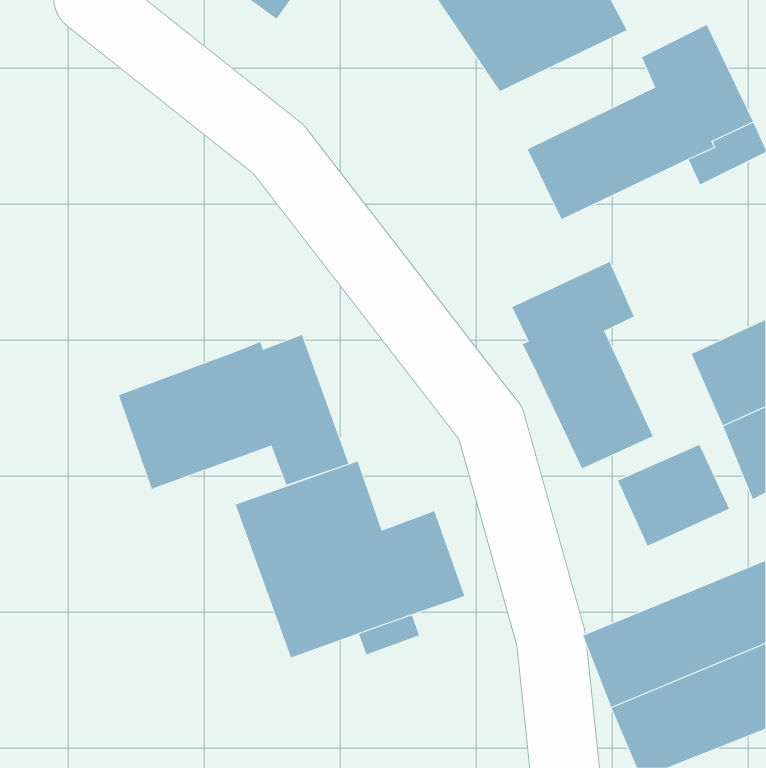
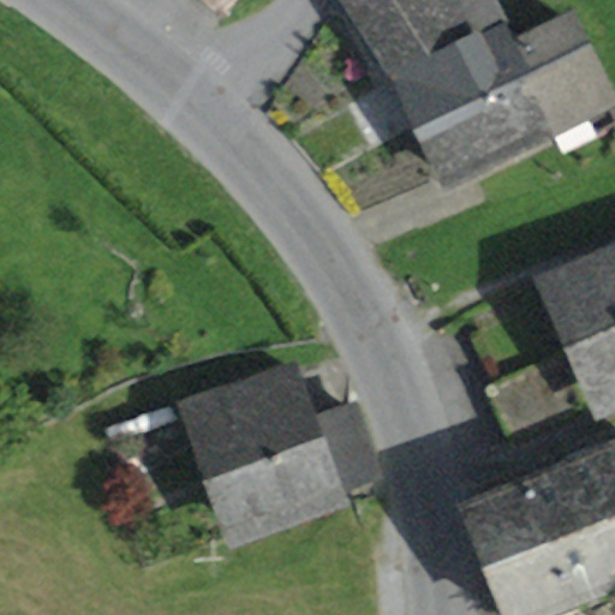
building: none -> [399,24,523,119]
building: [512,261,653,469] -> none
building: [118,334,349,490] -> none

